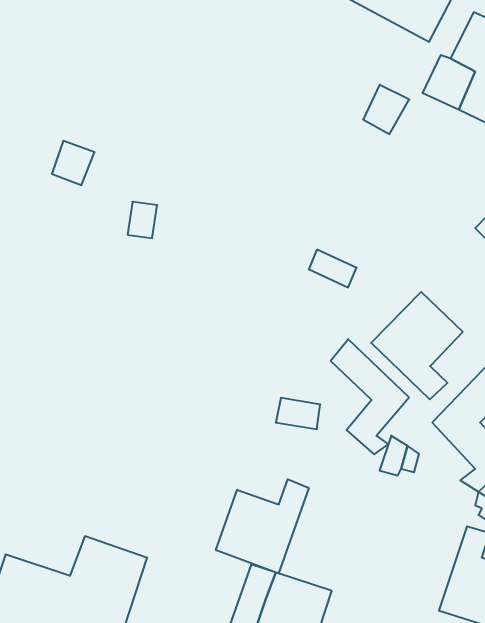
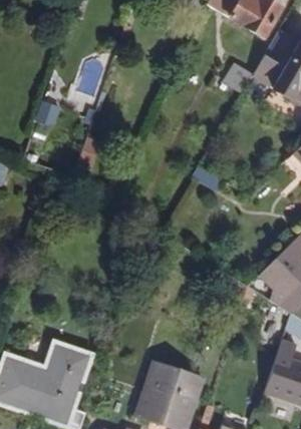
building: [371,292,463,399] -> none
building: [331,339,409,454] -> none
building: [216,479,309,573] -> none

